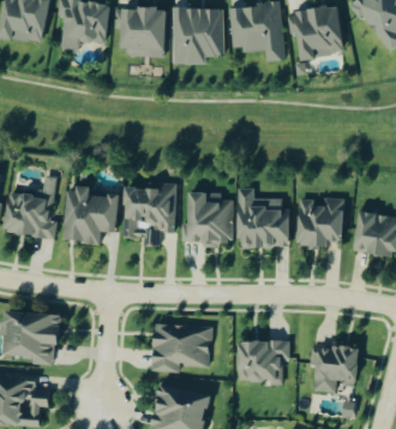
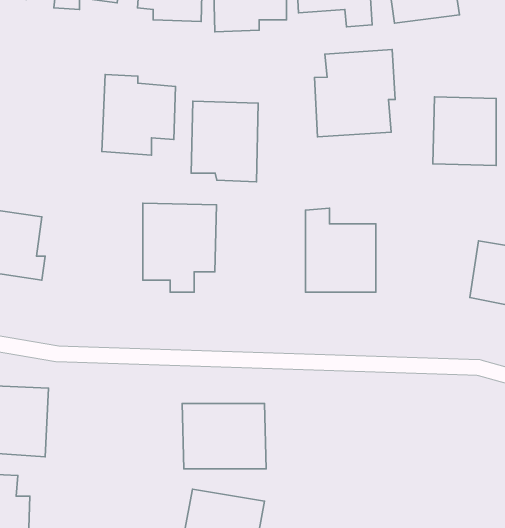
building: none -> [314,49,395,137]
building: [65,186,116,243] -> [102,75,175,155]
building: [187,191,234,248] -> [191,101,258,182]
building: [298,198,342,246] -> [433,97,496,165]
building: [238,340,286,382] -> none
building: [316,340,361,392] -> none

